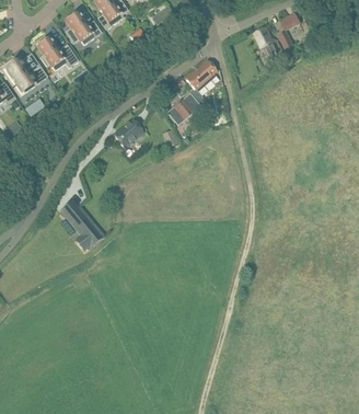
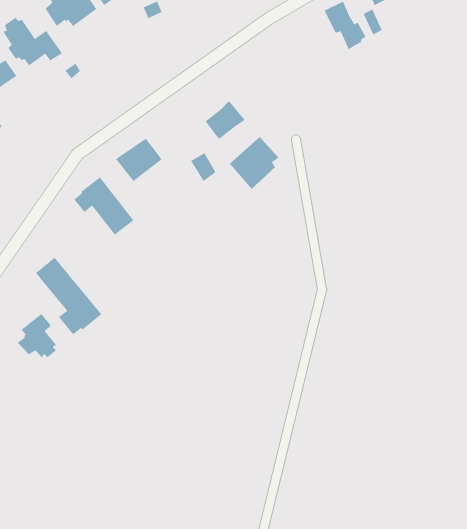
building: [185,58,219,94] -> [229,136,279,190]
building: none -> [74,176,134,235]
building: none -> [17,313,57,358]

